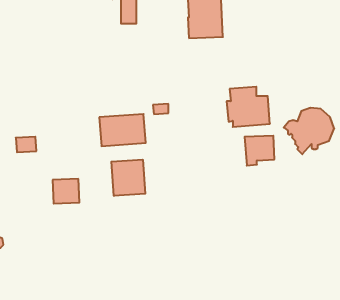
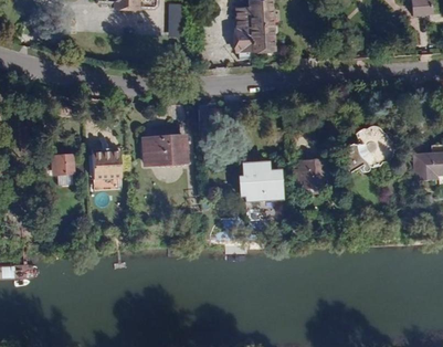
building: [227,87,270,127] -> [239,159,285,202]
building: [111,160,145,196] -> none
building: [53,179,79,204] -> [93,153,122,179]

